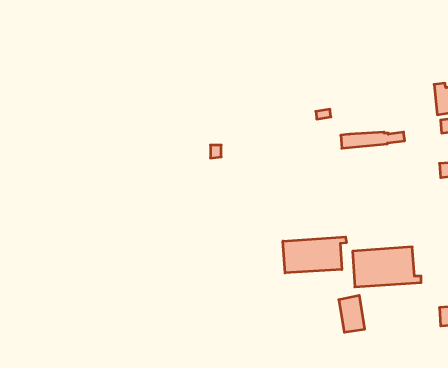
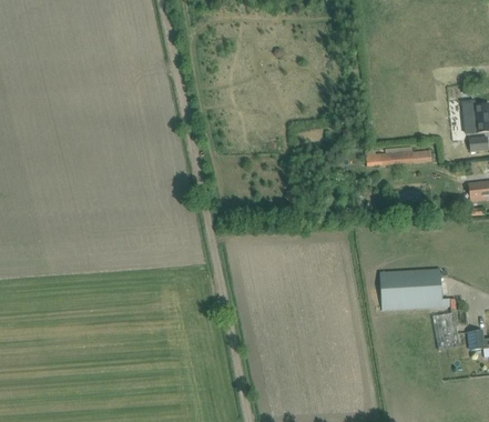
building: [283,237,346,273] -> none
building: [339,295,365,332] -> [432,312,459,350]

